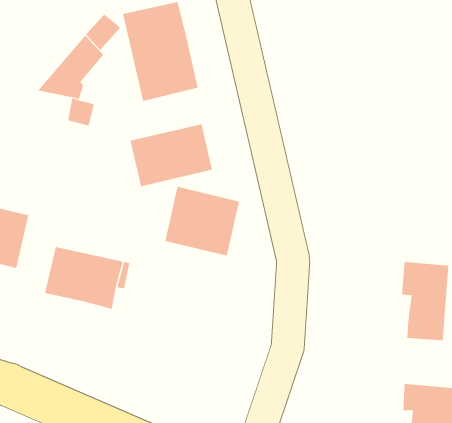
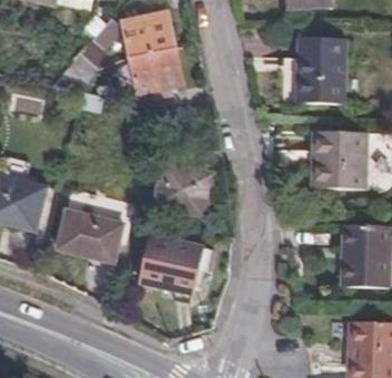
building: none -> [283,40,345,103]
building: [130,123,212,187] -> none
building: none -> [313,129,366,187]
building: none -> [140,236,203,304]

